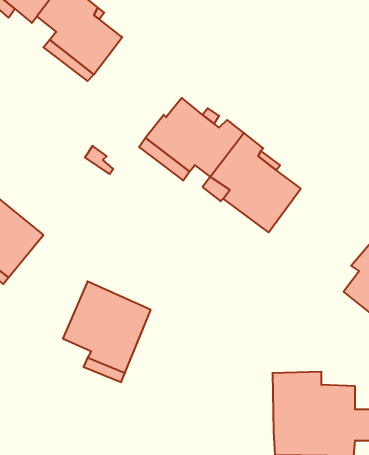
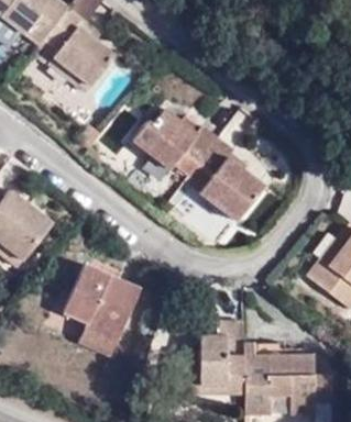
building: none -> [176,320,245,392]

